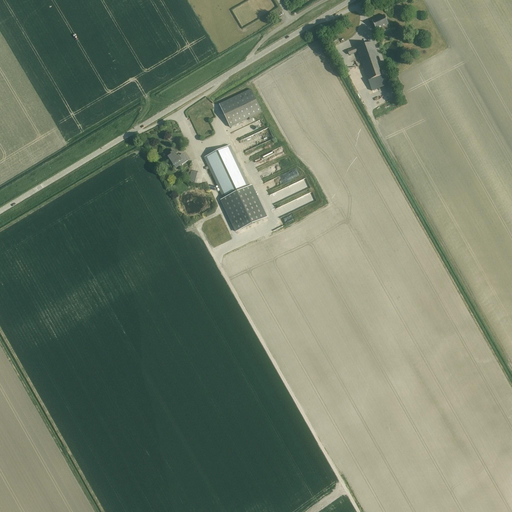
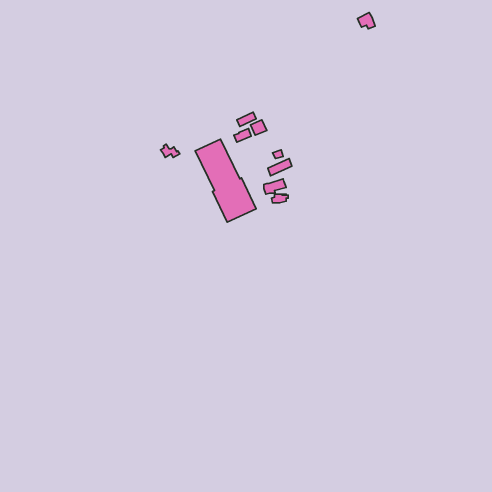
building: [355,40,384,89] -> none
building: [217,88,260,125] -> none

